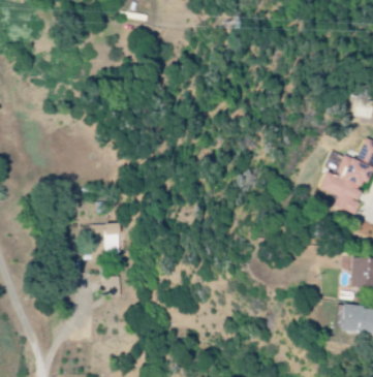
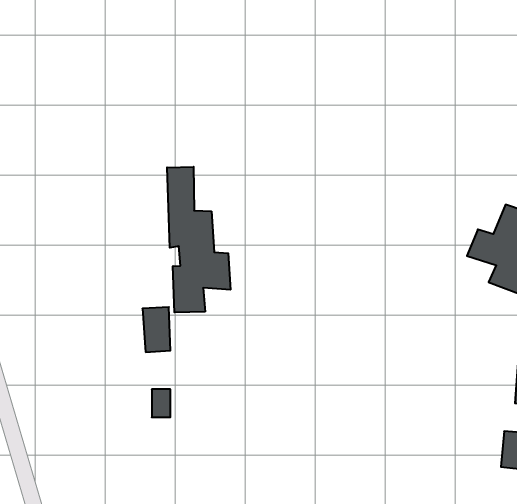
building: none -> [167,167,230,312]

